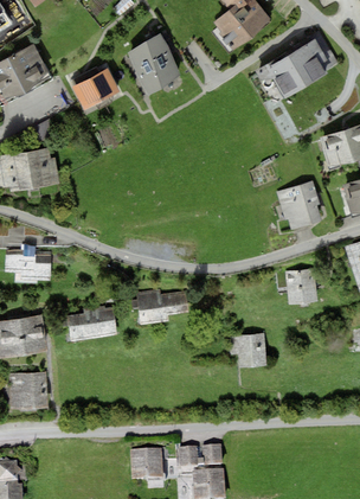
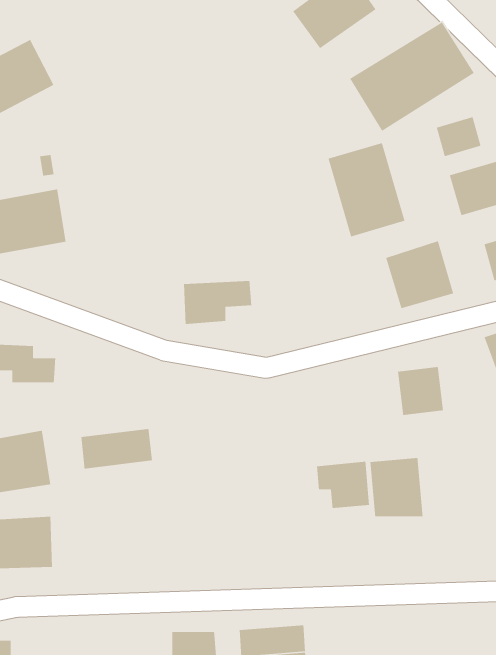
building: [127,38,182,95] -> none
building: [71,66,120,109] -> none
building: none -> [436,116,482,157]
building: none -> [327,142,406,237]
building: [139,293,186,324] -> [183,280,252,325]
building: none -> [369,457,424,517]

